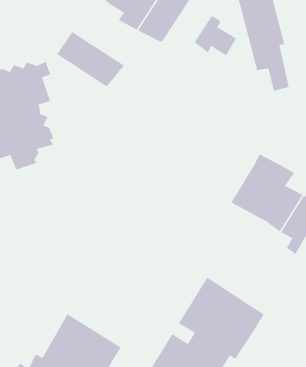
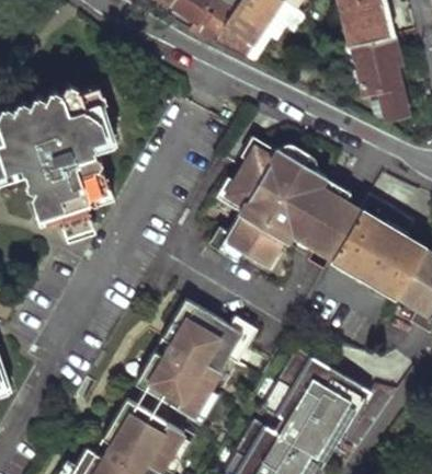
building: [194,15,237,56] -> none
building: [56,31,125,87] -> none
building: none -> [223,148,361,270]
building: none -> [133,302,255,428]

